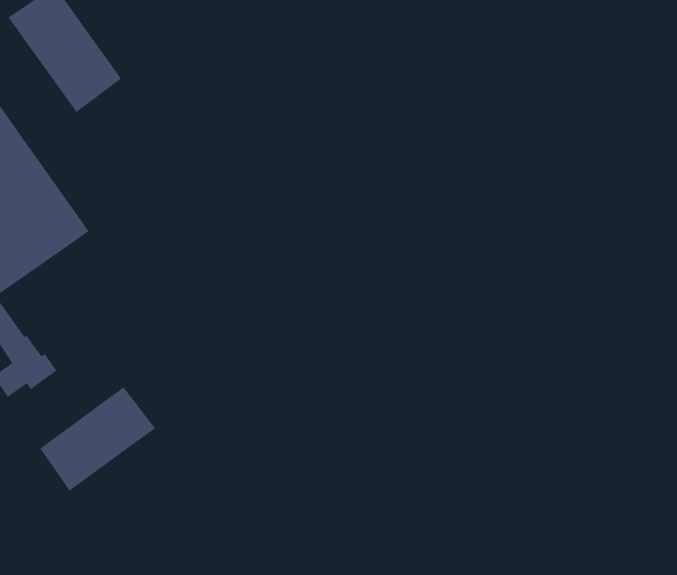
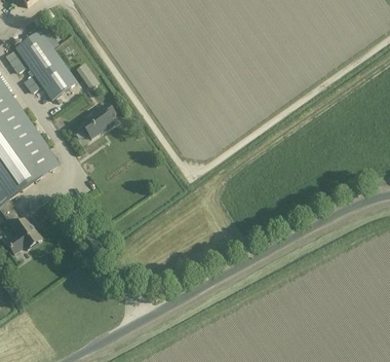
building: none -> [81,102,114,137]
building: [39,386,156,491] -> none

